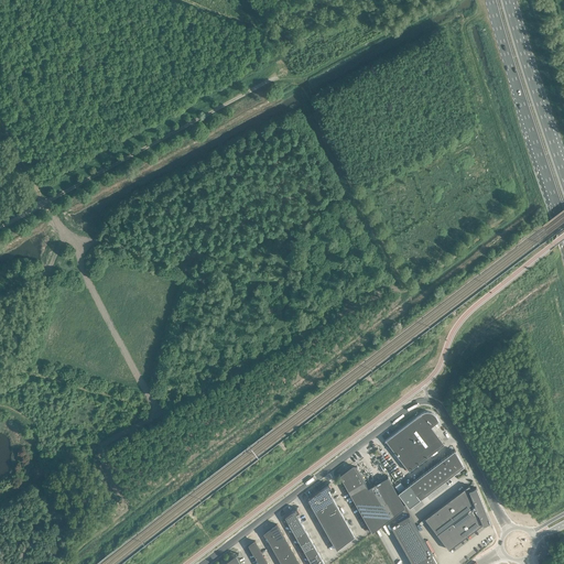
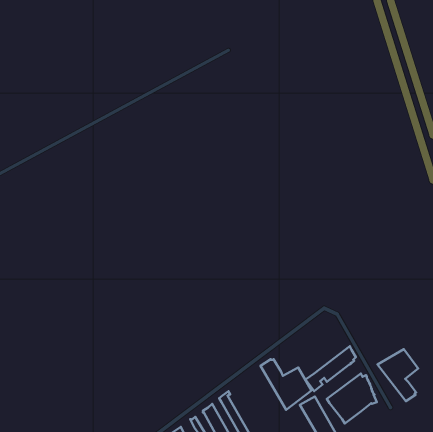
building: [383,413,443,473] -> none
building: none -> [378,349,418,401]
building: [307,486,354,552] -> none

